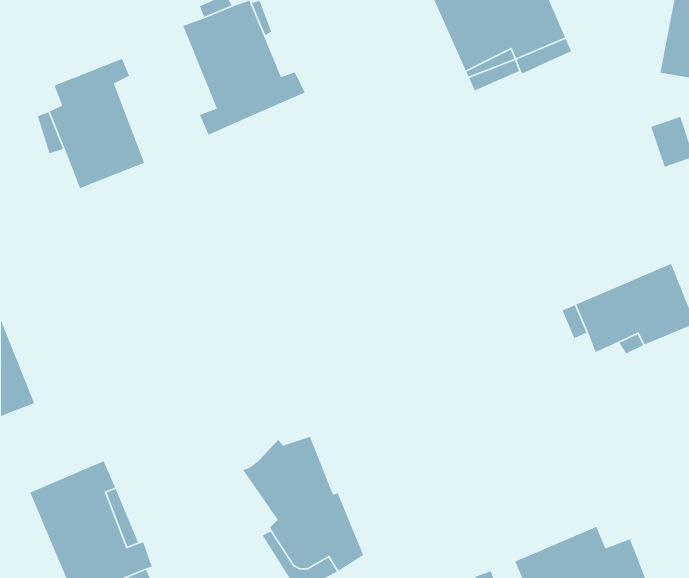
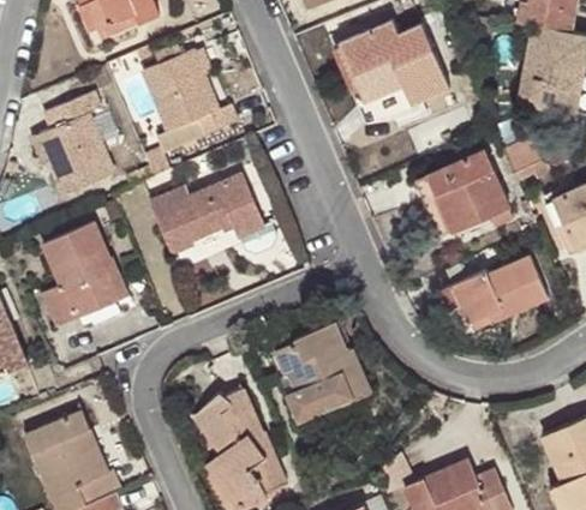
building: none -> [426,149,509,230]
building: none -> [150,174,263,256]
building: none -> [43,223,130,326]
building: none -> [275,323,372,420]

